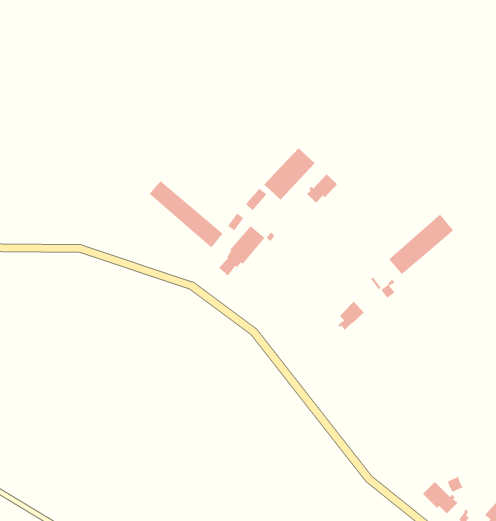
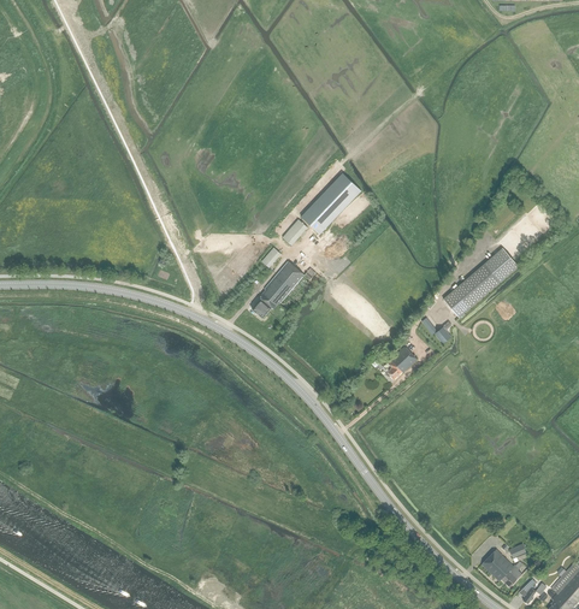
building: [306,174,338,203] -> none
building: [149,180,223,249] -> none

